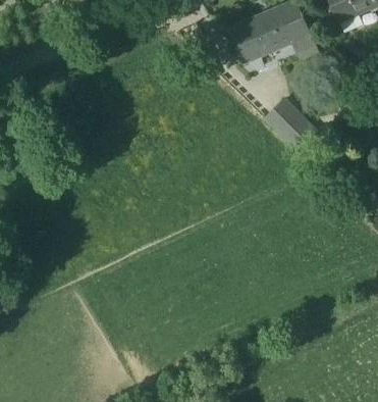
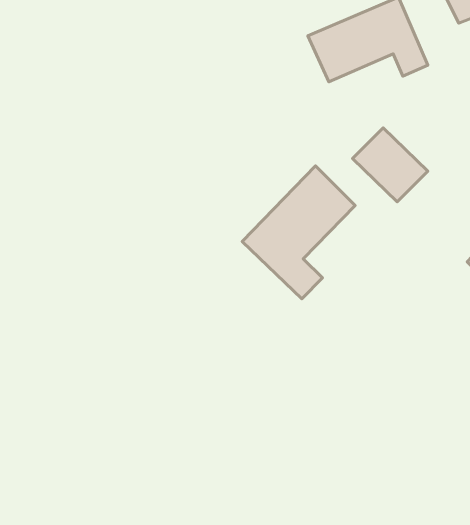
building: none -> [242,166,355,299]

